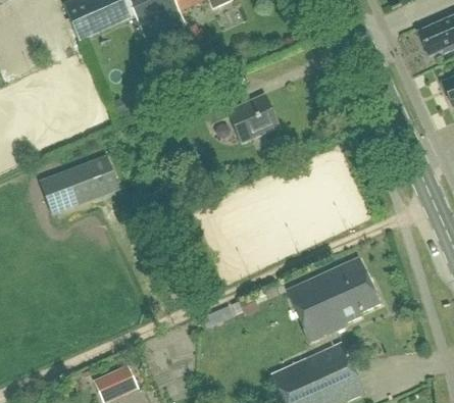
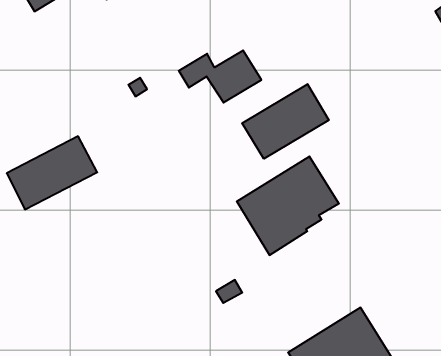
building: none -> [242,84,329,159]
building: [287,257,379,342] -> [237,156,339,255]

